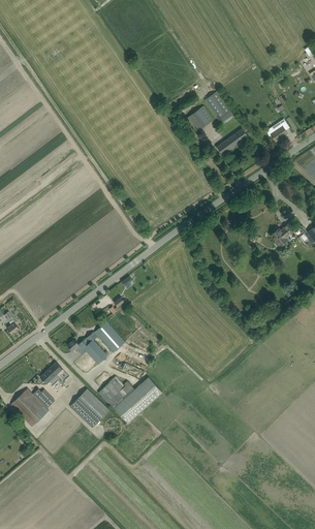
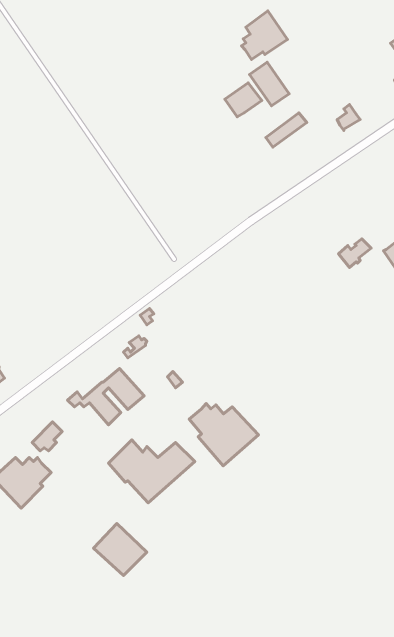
building: none -> [241,11,288,59]
building: none -> [189,403,258,466]
building: [70,388,111,428] -> [93,524,147,576]

